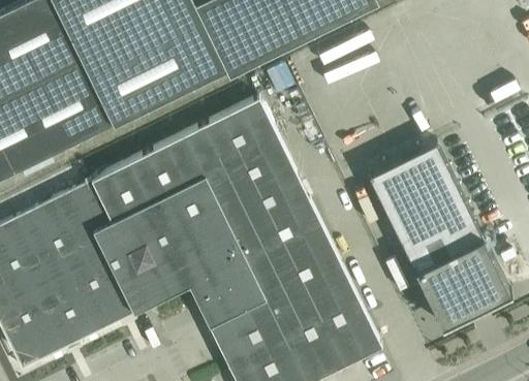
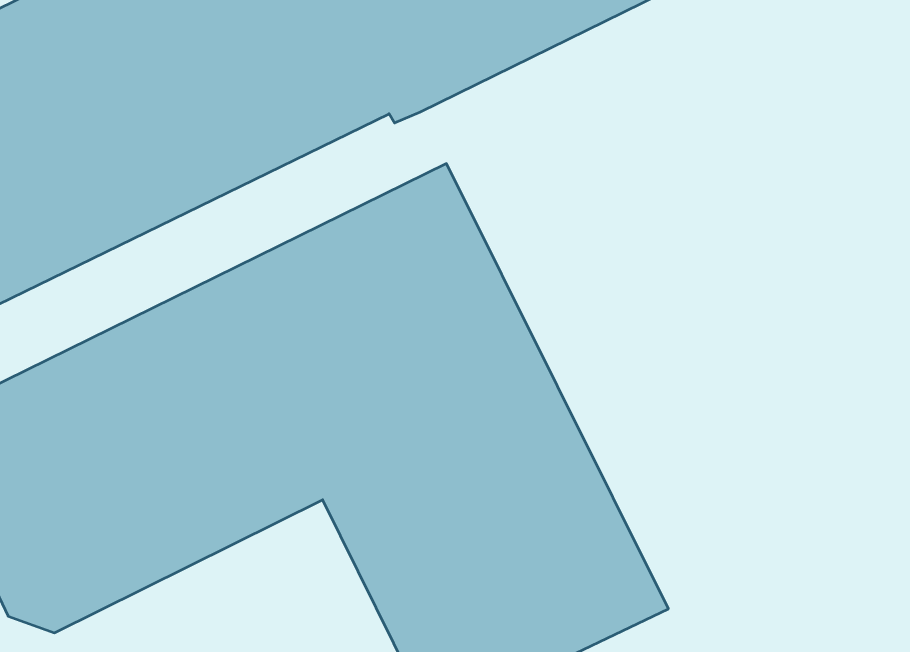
building: [367,144,511,329] -> none

